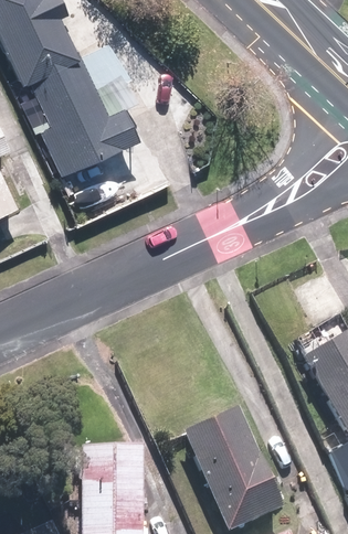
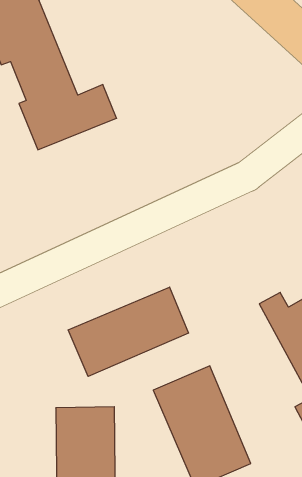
building: none -> [68,287,189,376]

